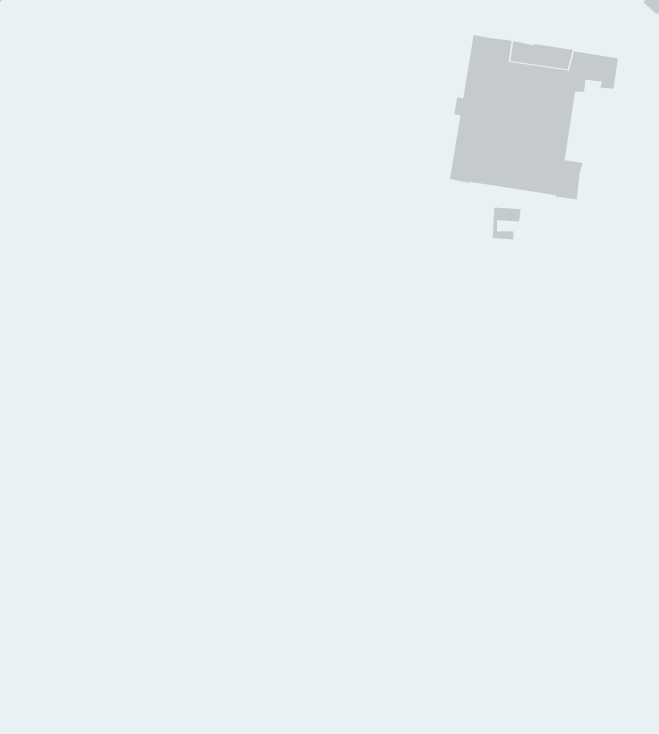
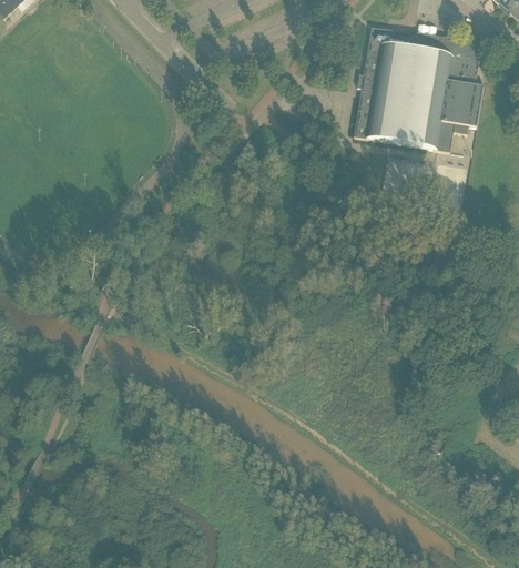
building: none -> [442,62,484,134]

